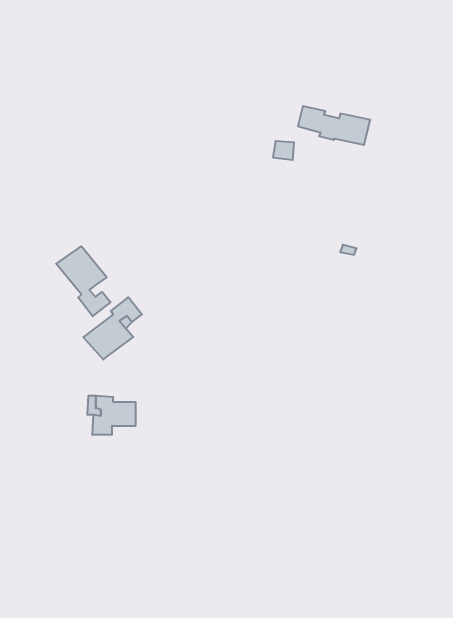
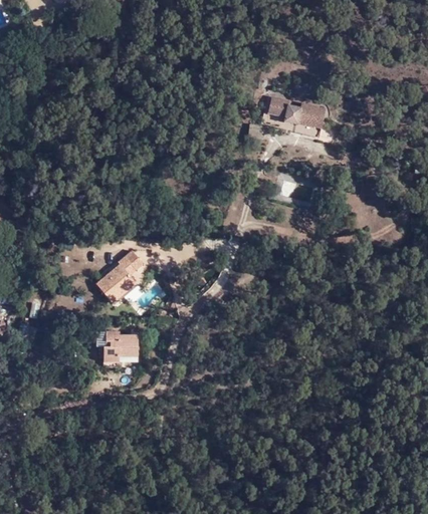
building: [56,246,111,316] -> none

